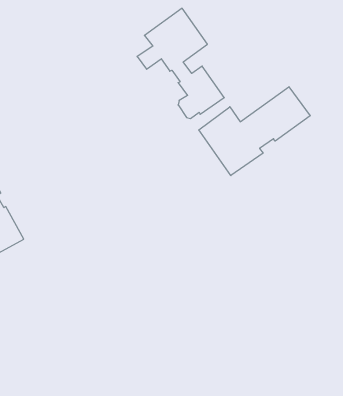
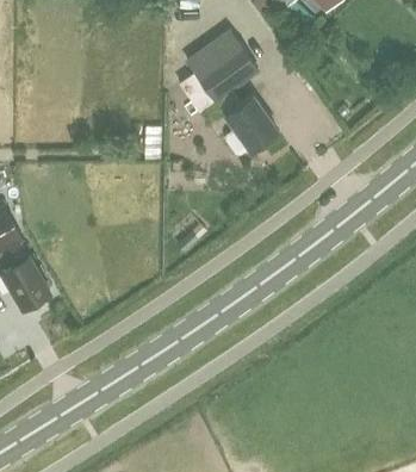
building: [199,87,310,176] -> none

